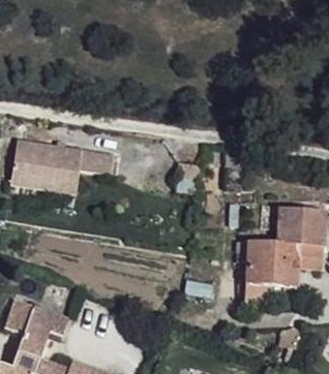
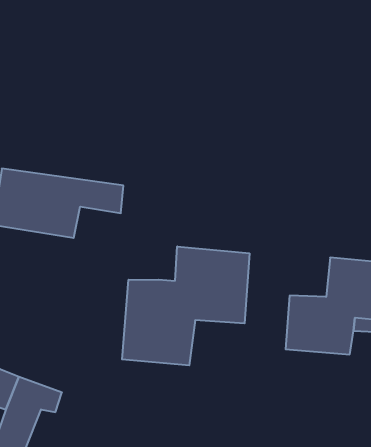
building: none -> [122,246,249,365]

